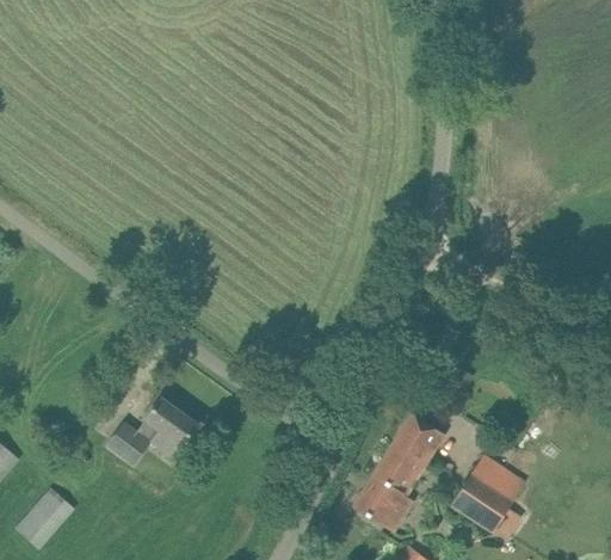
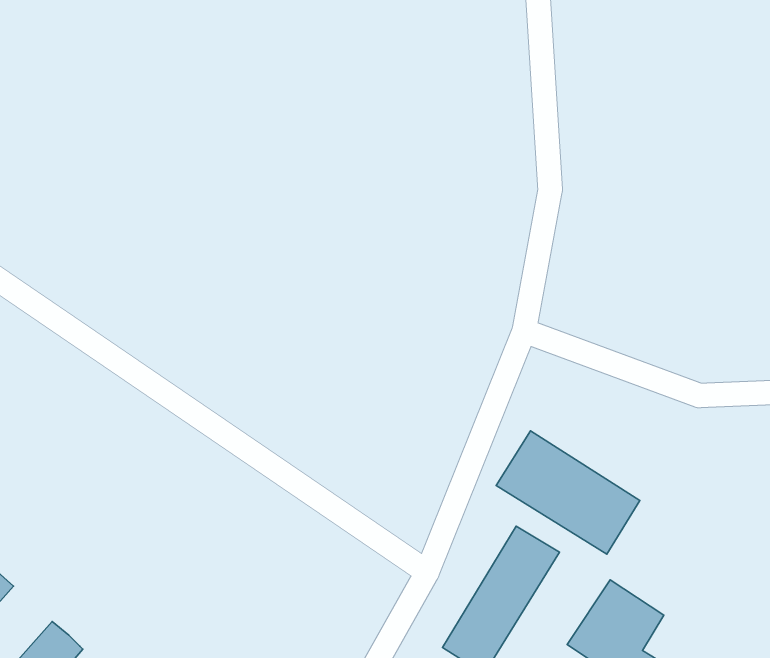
building: none -> [496,431,640,554]
building: [107,398,199,464] -> none

